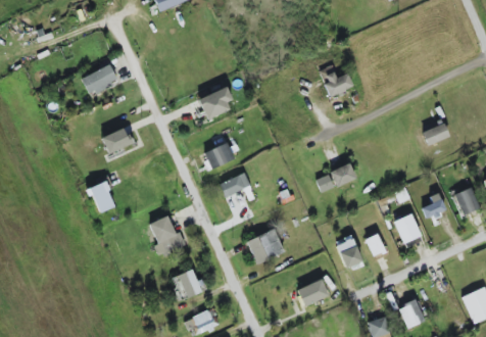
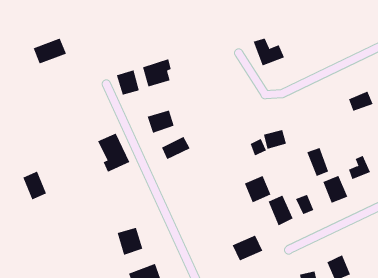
building: none -> [116,70,139,96]
building: [102,128,131,153] -> none
building: [88,182,114,213] -> [22,171,47,200]
building: none -> [307,147,329,177]
building: none -> [244,175,271,203]
building: [148,214,184,257] -> [97,133,130,173]
building: [246,228,284,263] -> none

